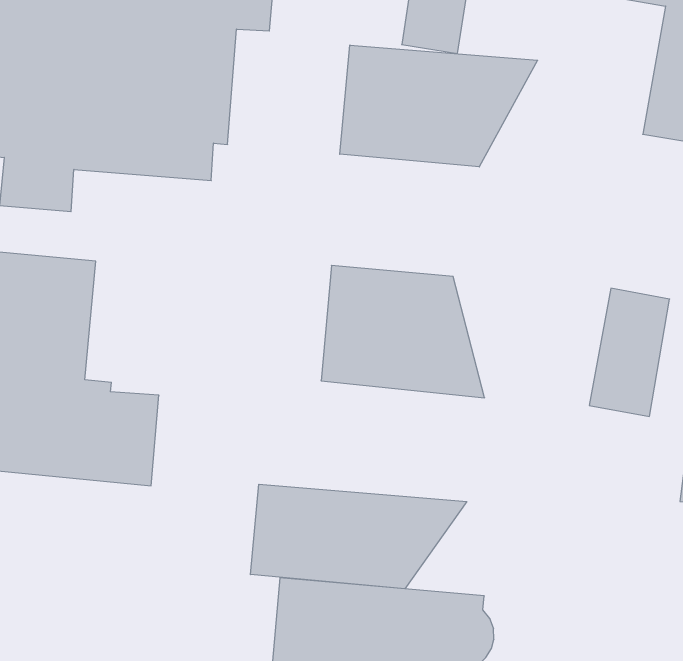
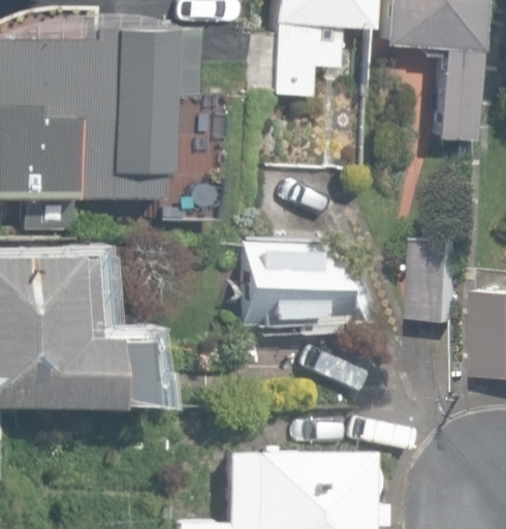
building: [340,45,538,167] -> none
building: [250,484,467,589] -> none

